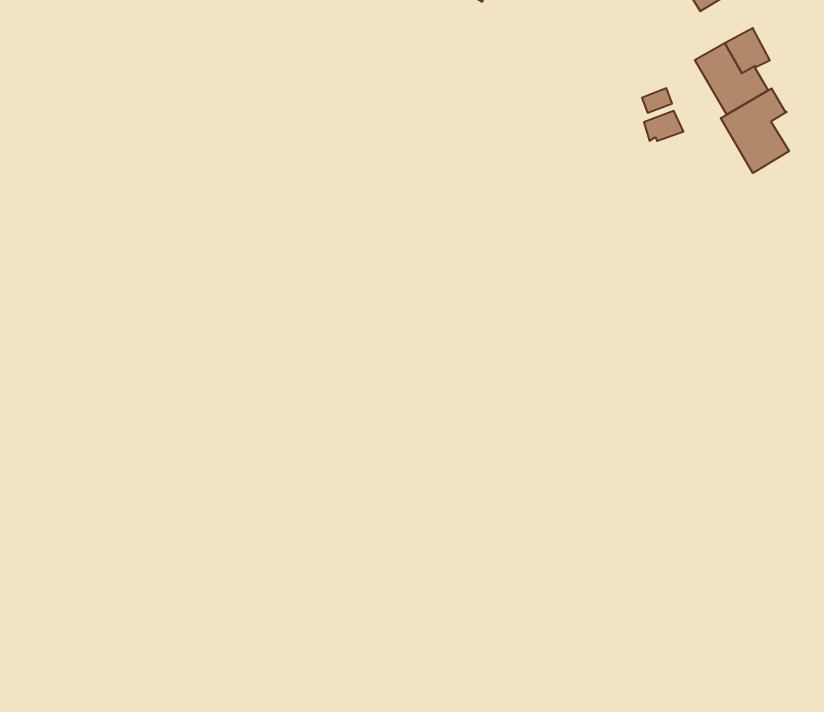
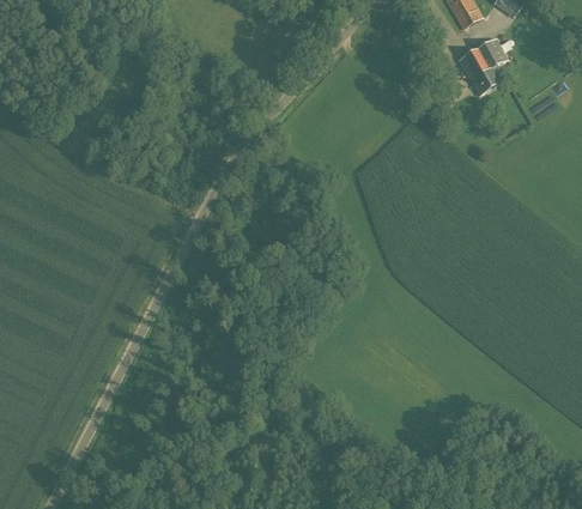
building: [721,88,789,173] -> none

